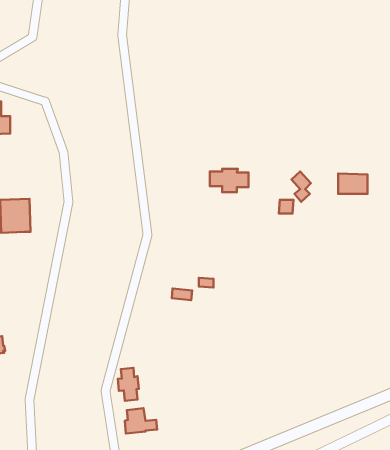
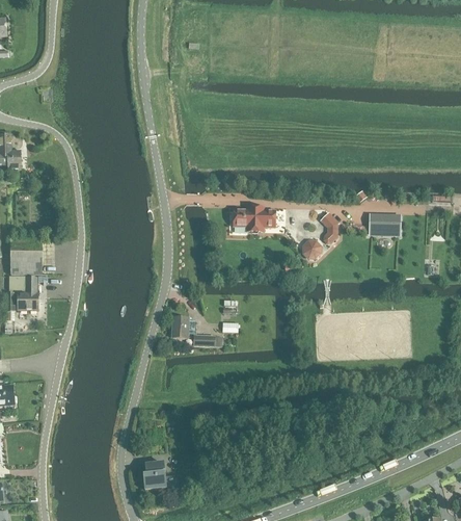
building: none -> [17,278,37,311]
building: none -> [171,317,194,339]
building: [118,368,139,401] -> none

